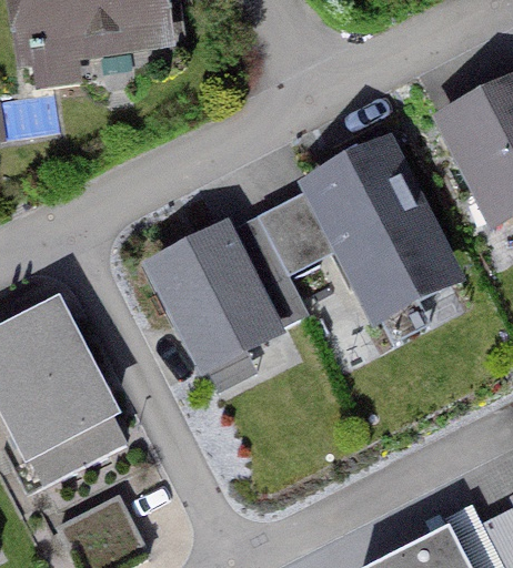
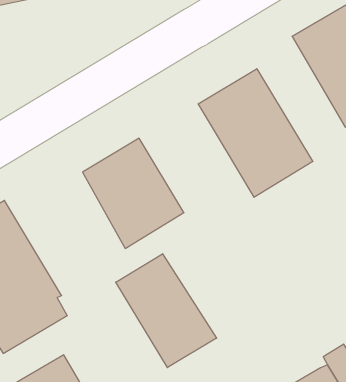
building: [232,192,338,326] -> none
building: none -> [116,254,217,368]

